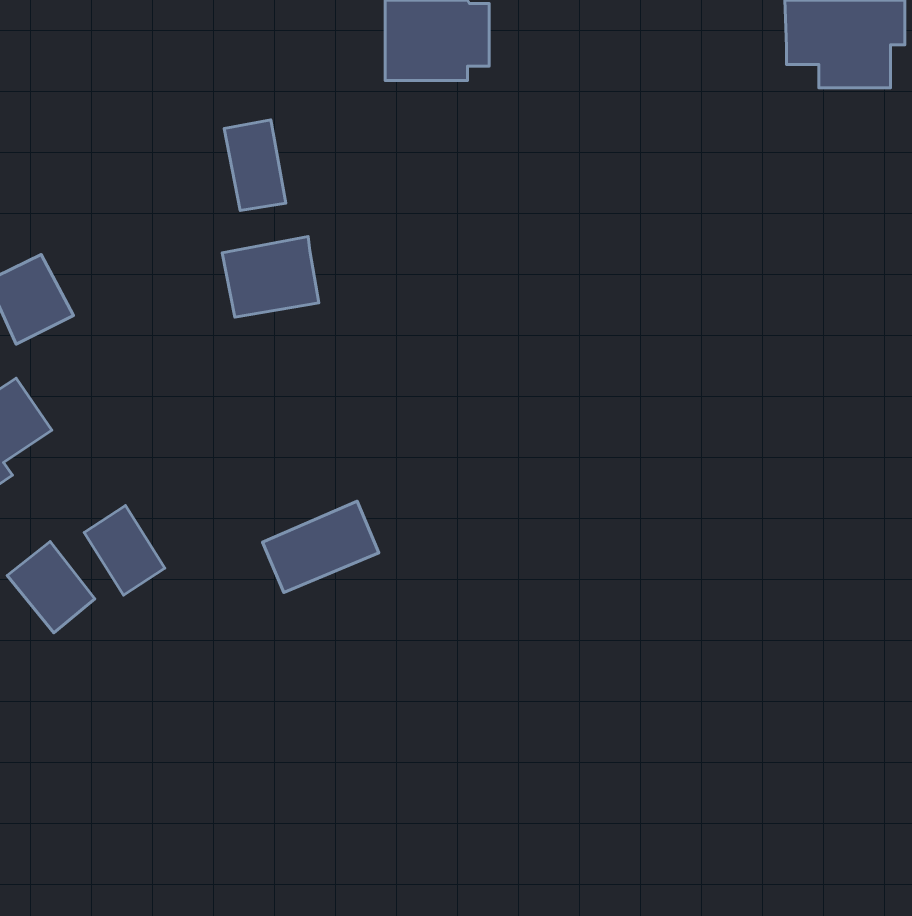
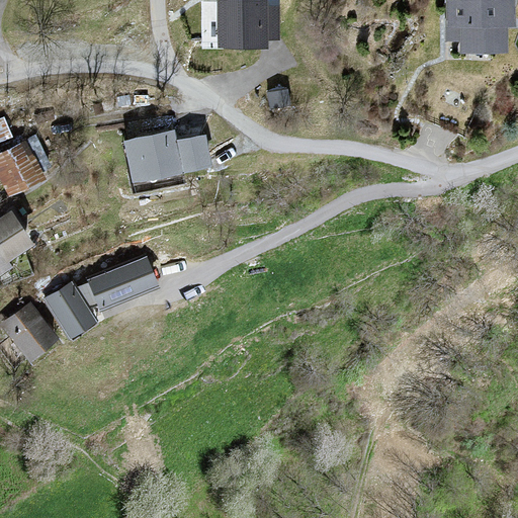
building: [224,120,286,210] -> none
building: none -> [175,138,206,171]
building: [262,501,379,592] -> [90,256,156,308]

